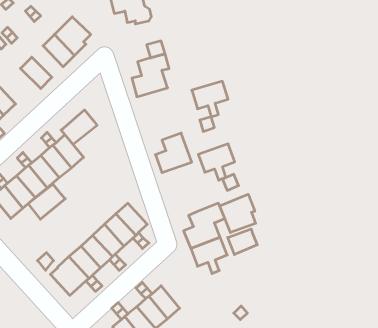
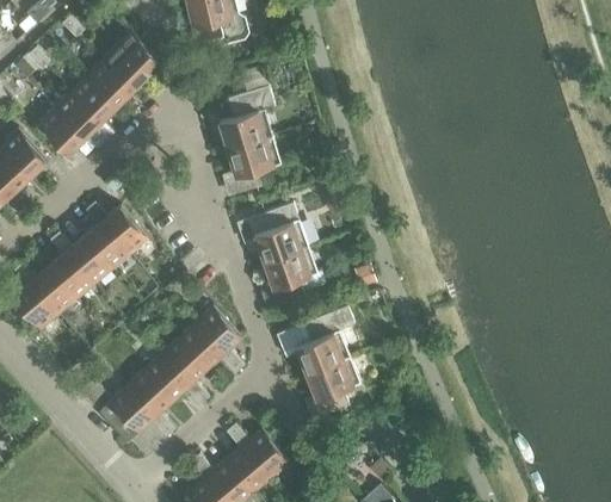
building: none -> [70,75,117,122]
building: none -> [37,109,84,155]
building: [192,81,228,117] -> [226,137,279,190]
building: [61,110,97,144] -> none
building: [198,144,235,180] -> [263,247,316,300]
building: [28,184,65,219] -> none
building: [220,194,256,233] -> none
building: [228,229,257,255] -> none

